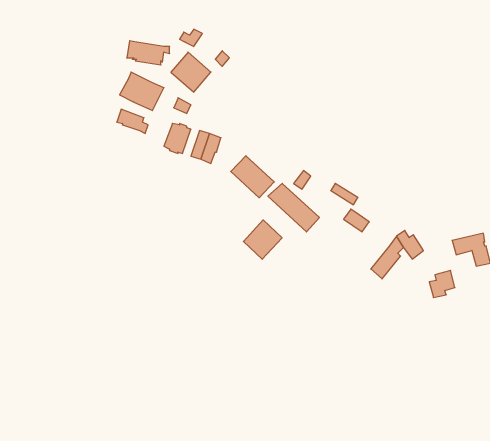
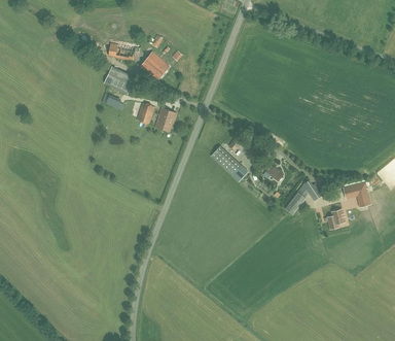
building: [231,156,274,198] -> none
building: [243,220,282,259] -> none

